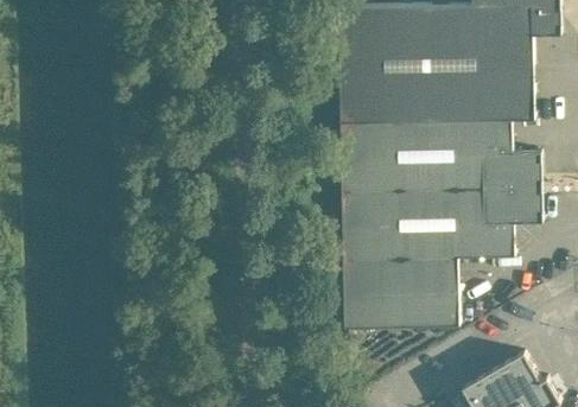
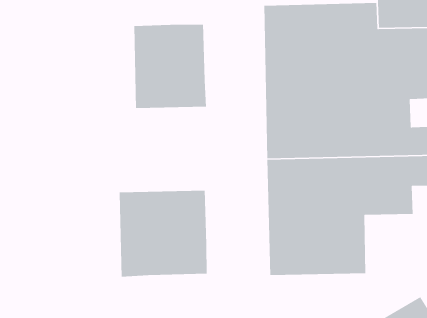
building: none -> [133,24,207,109]
building: none -> [119,190,207,277]

